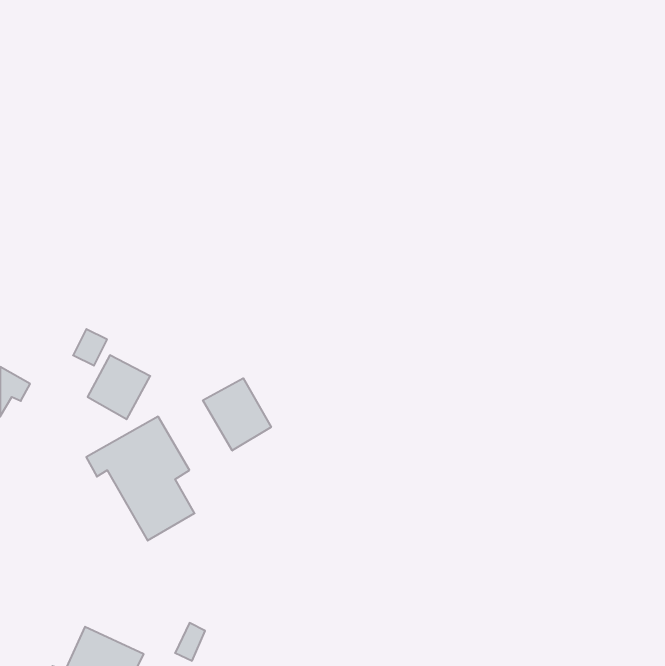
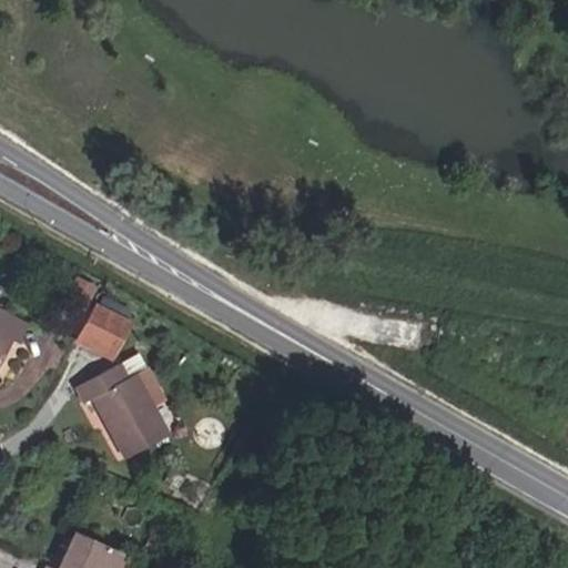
building: [203,378,271,451] -> none

